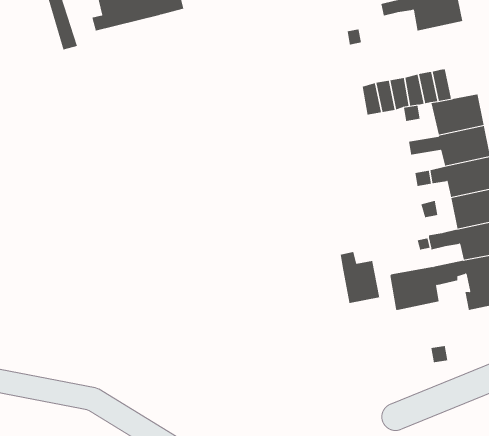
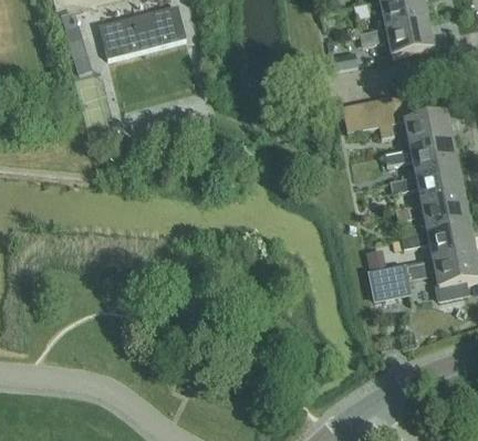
building: [340,251,380,304] -> none

